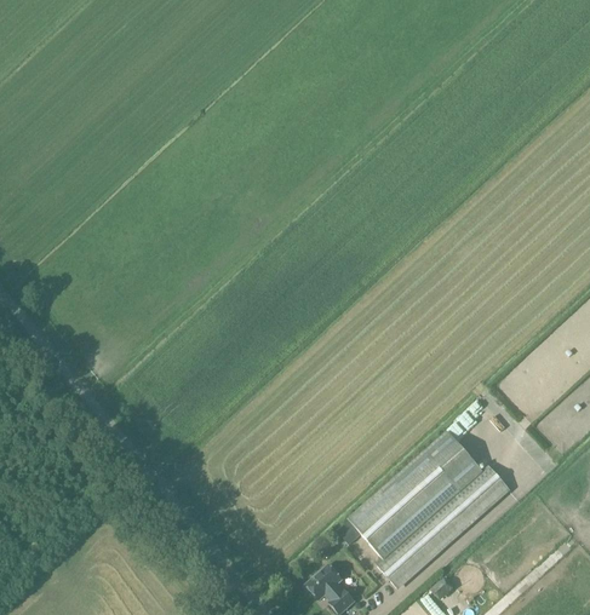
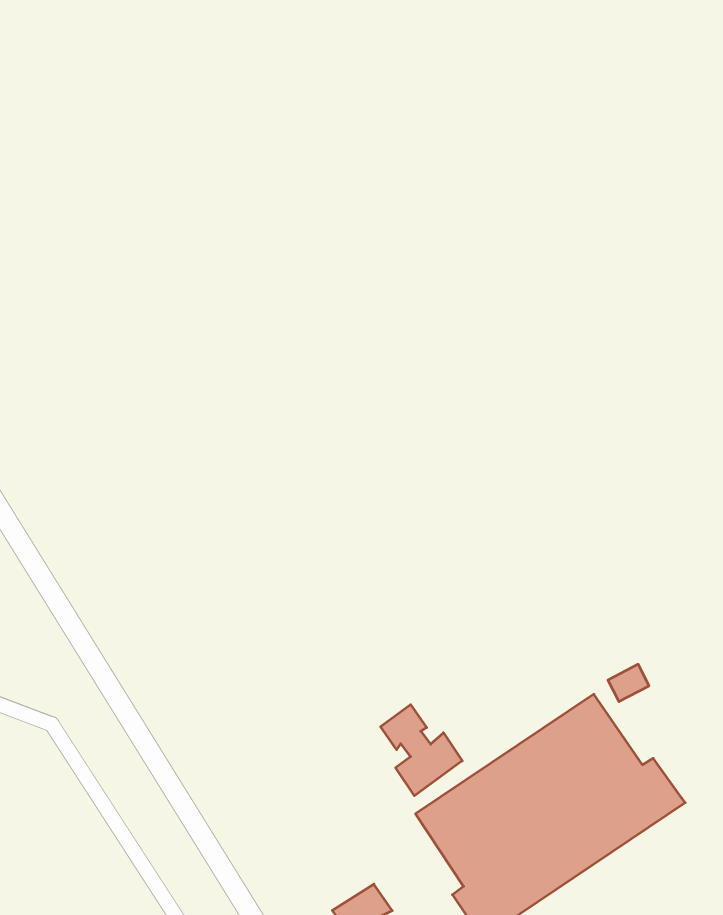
building: none -> [381,705,462,796]

